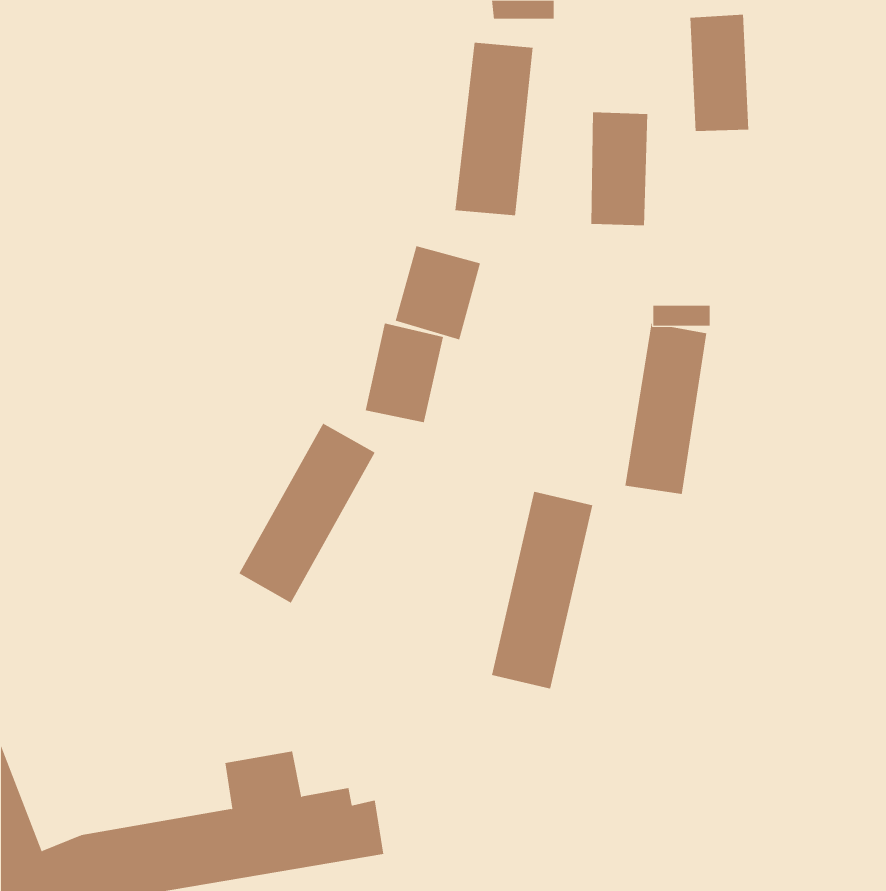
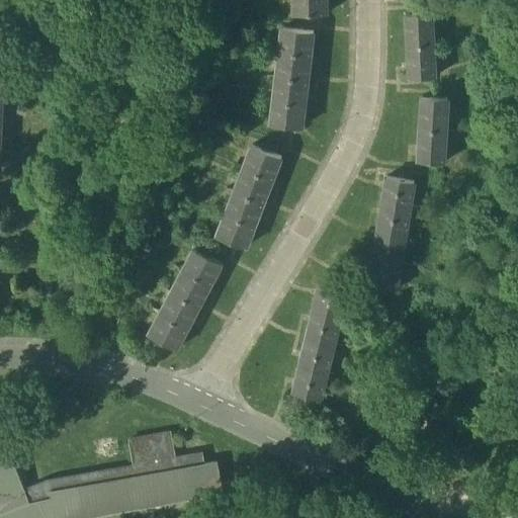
building: [590,112,648,226] -> [417,97,450,163]

